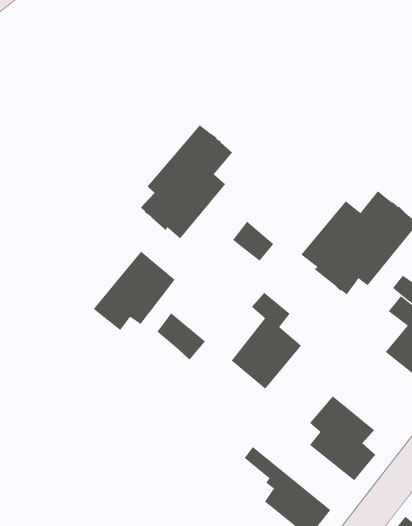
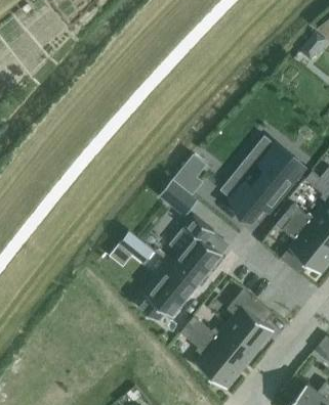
building: [140,124,233,239] -> none
building: none -> [162,180,197,213]
building: [93,251,176,331] -> [137,265,196,321]
building: none -> [187,317,258,370]

